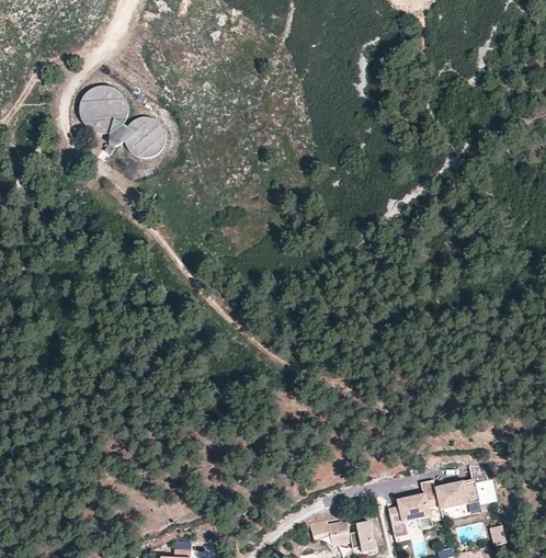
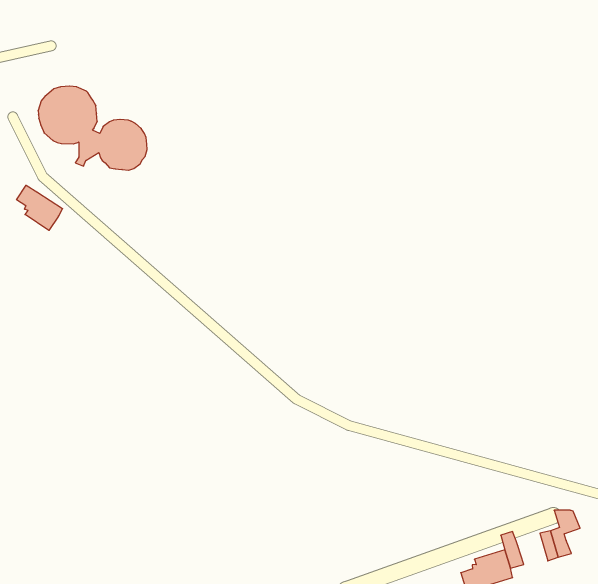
building: none -> [17,185,63,230]
building: [437,481,460,509] -> none

